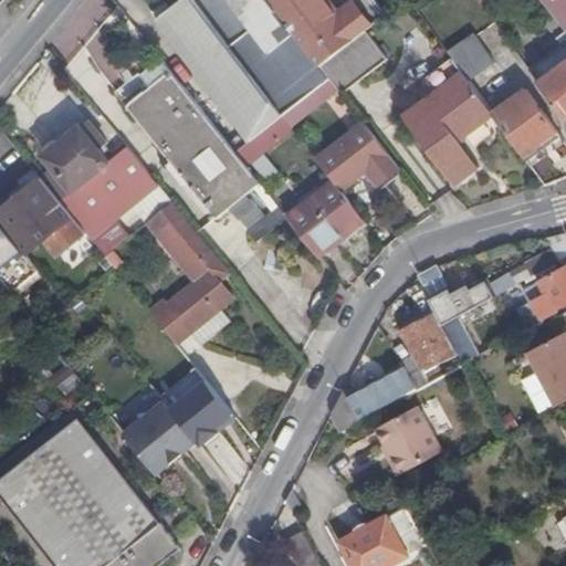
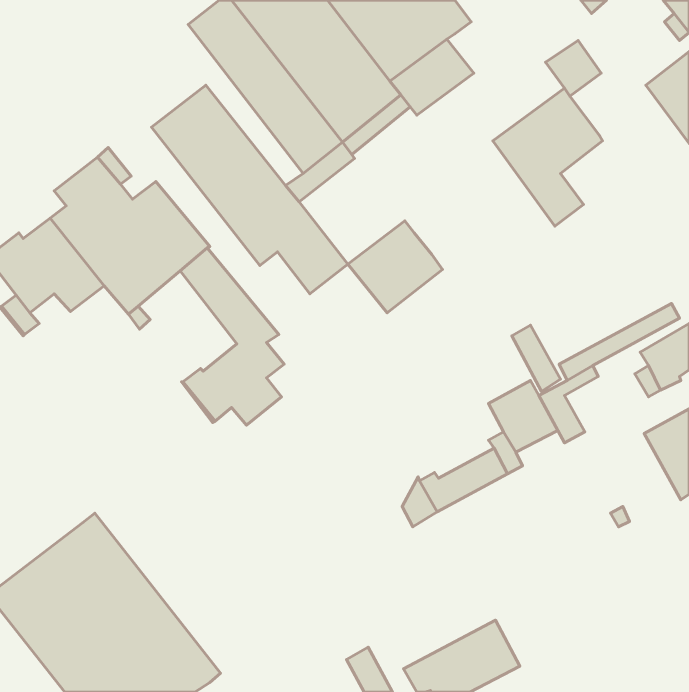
building: [490,86,555,156] -> none
building: [314,122,397,190] -> none
building: [124,380,239,480] -> none
building: [374,406,439,474] -> none

